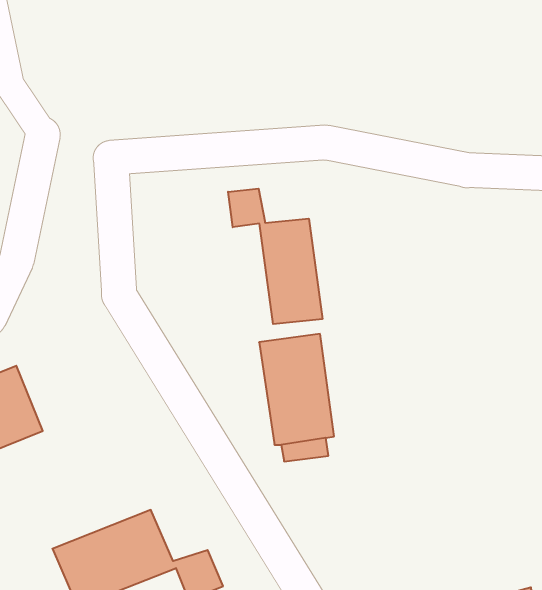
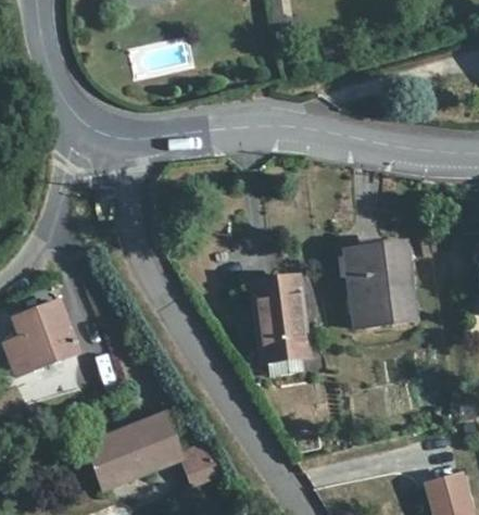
building: [228,189,322,324] -> none
building: none -> [348,244,416,326]

